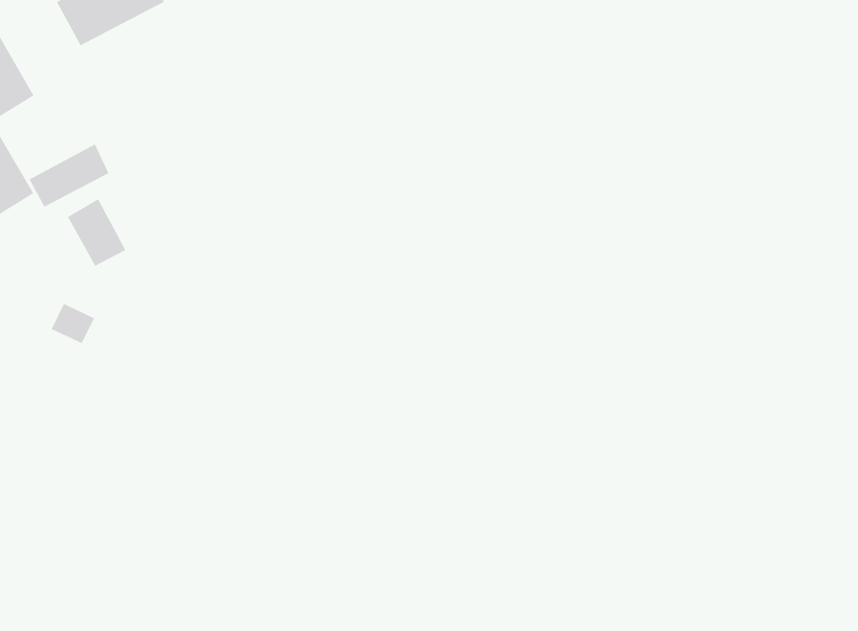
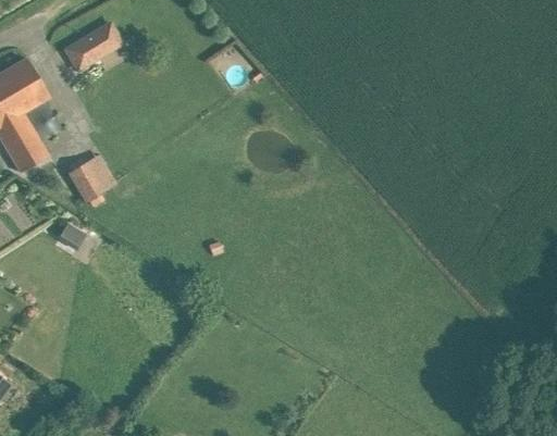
building: [29,143,109,207] -> none

